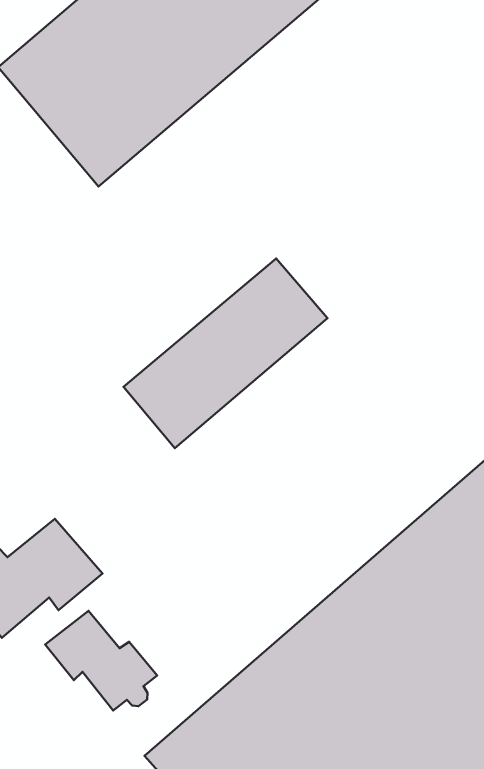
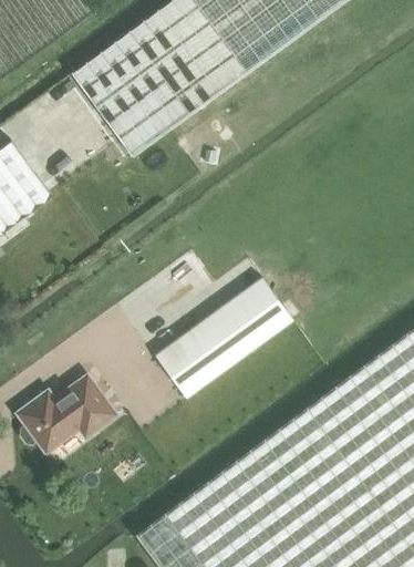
building: [124,259,327,448] -> [155,277,293,398]
building: [45,611,157,711] -> none

